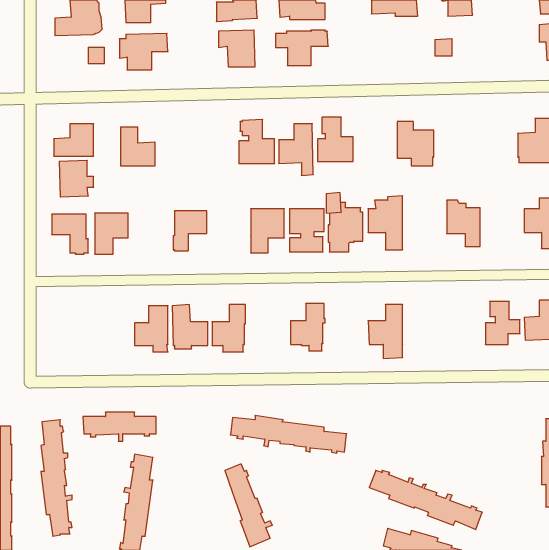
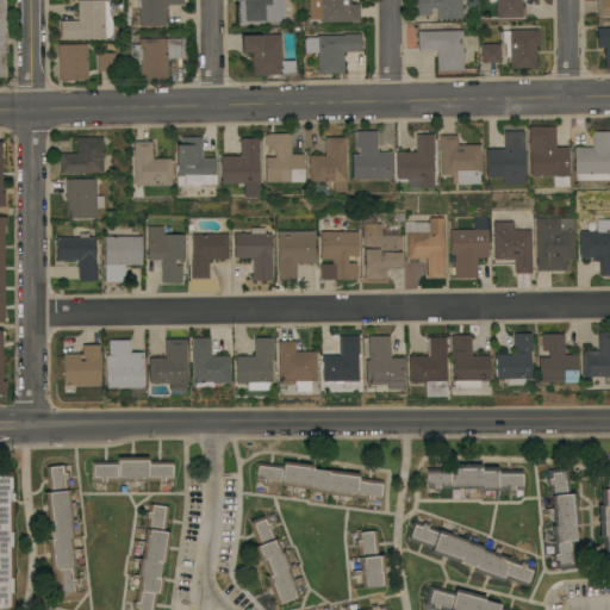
building: none -> [504,29,541,68]
building: none -> [419,30,465,70]
building: none -> [60,43,89,80]
building: none -> [530,126,571,186]
building: none -> [486,130,525,183]
building: none -> [397,133,435,188]
building: none -> [178,136,217,186]
building: none -> [222,137,261,197]
building: none -> [452,217,492,278]
building: none -> [539,217,577,270]
building: none -> [149,226,187,282]
building: none -> [236,228,273,281]
building: none -> [496,332,533,385]
building: none -> [453,335,490,387]
building: none -> [366,336,404,390]
building: none -> [106,340,144,388]
building: none -> [279,341,317,390]
building: none -> [63,344,100,385]
building: none -> [428,463,524,494]
building: none -> [547,467,579,568]
building: none -> [354,530,387,587]

